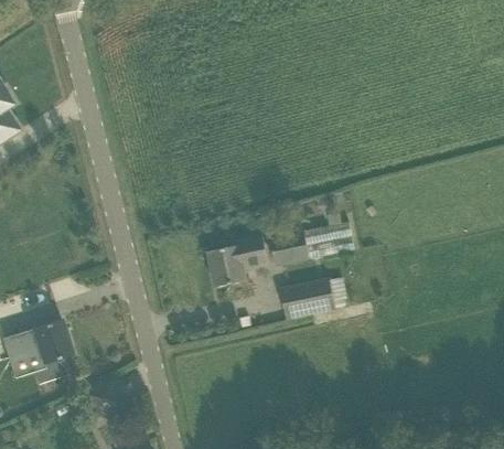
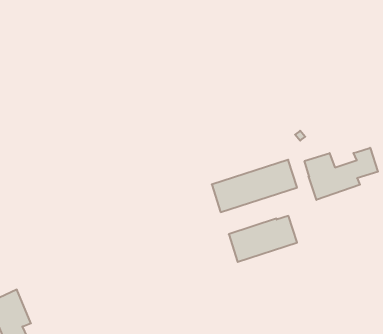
building: none -> [305,148,378,200]
building: [207,234,268,287] -> none

